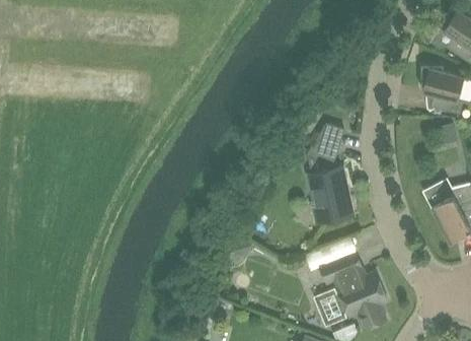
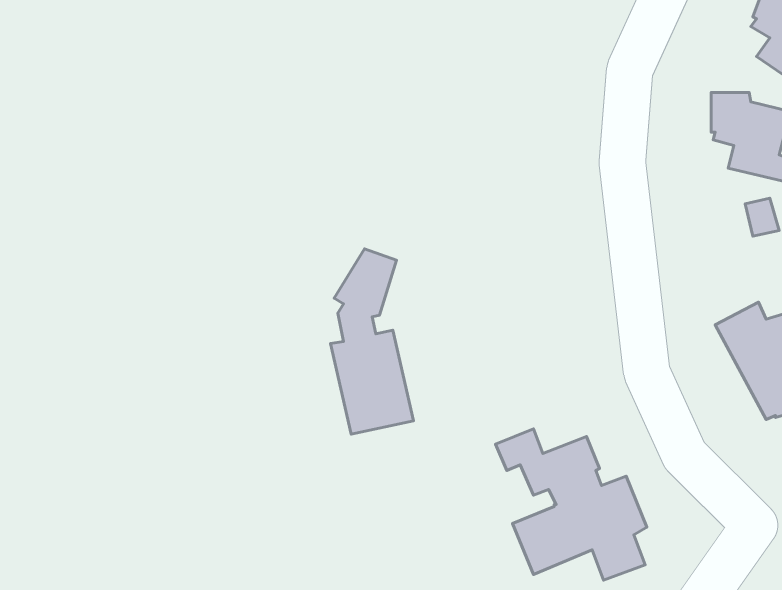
building: [309,124,354,223] -> [330,249,414,434]

